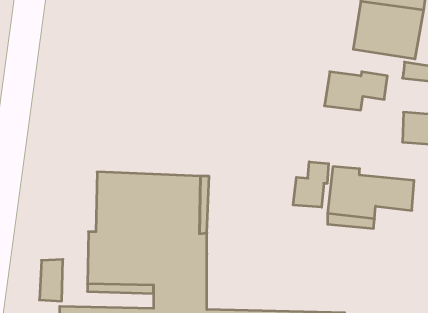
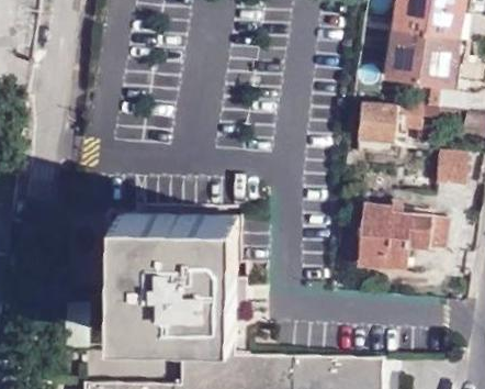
building: [293,162,329,207] -> none

